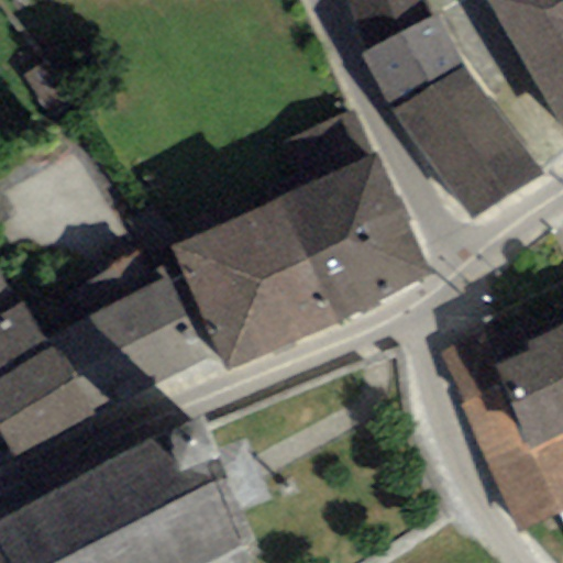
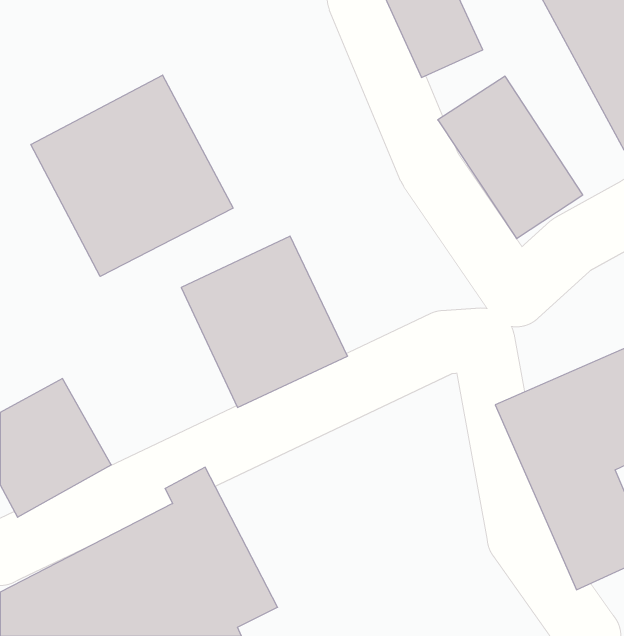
building: none -> [31,75,233,276]
building: [268,161,420,313] -> none
building: [68,276,219,409] -> none

